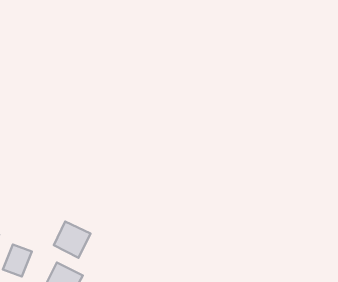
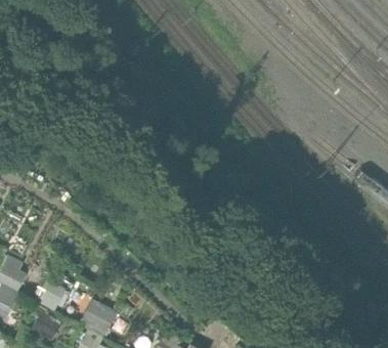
building: [54,222,91,258] -> none

